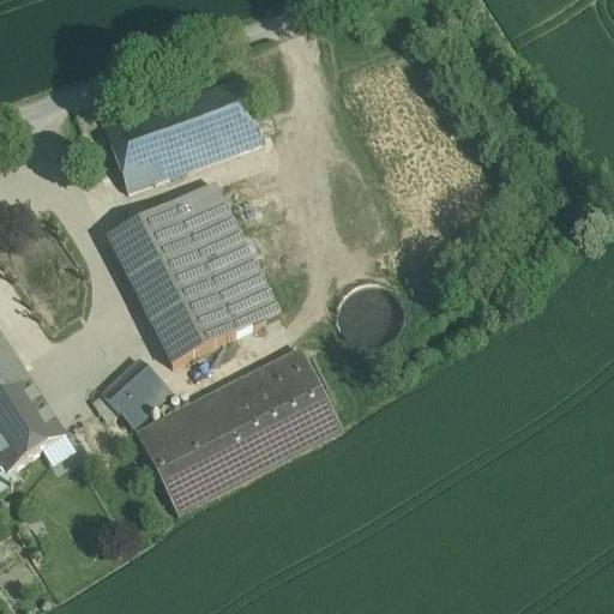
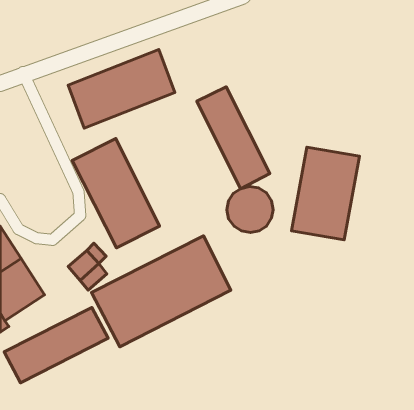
building: [171,183,279,335] -> [197,87,270,189]
building: none -> [292,147,359,240]
building: none -> [4,307,108,383]

